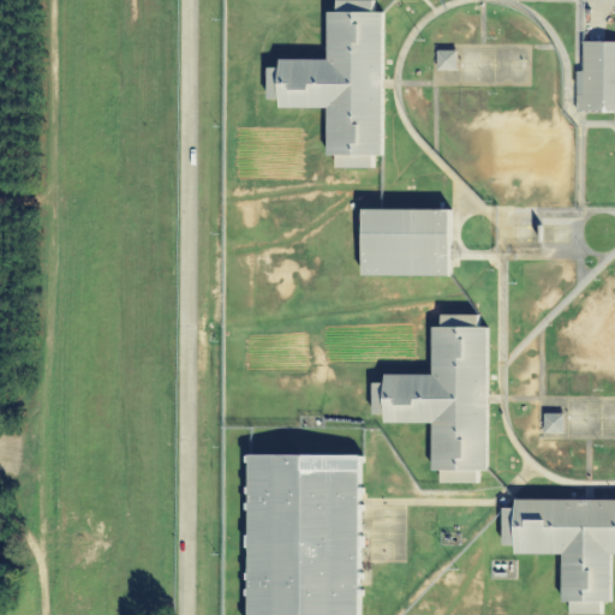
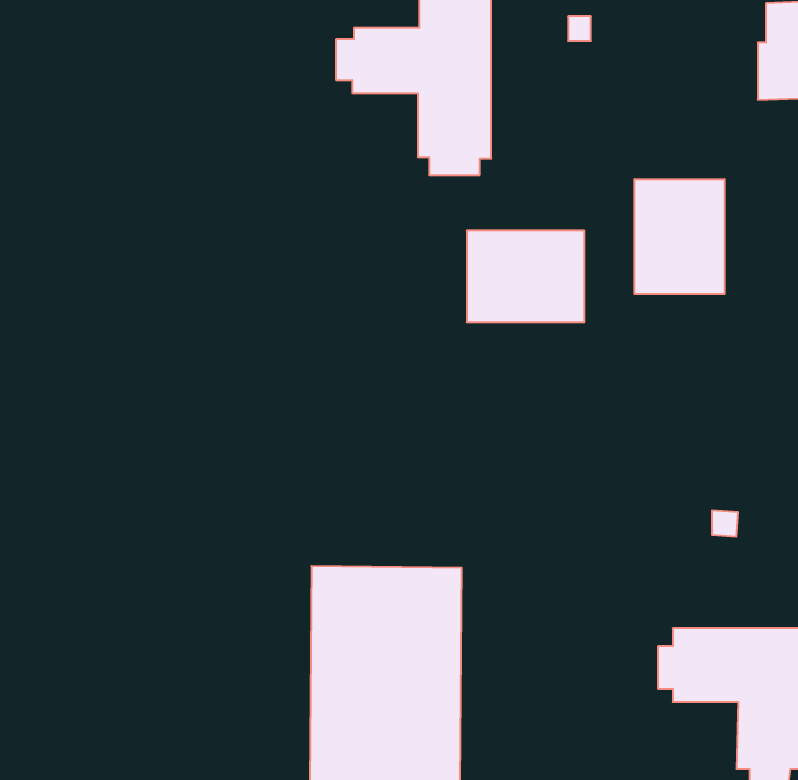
building: none -> [634,179,725,294]
building: [372,314,486,483] -> none

